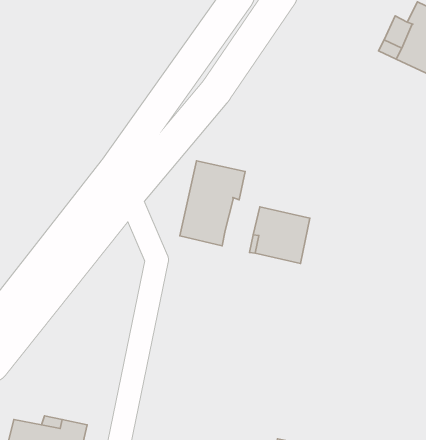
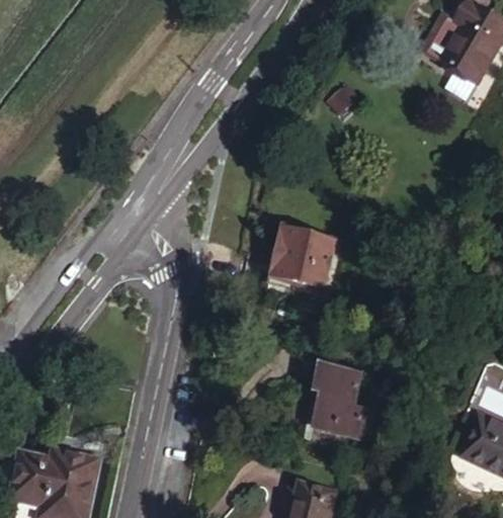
building: [180,161,245,246] -> none
building: none -> [311,354,378,436]

